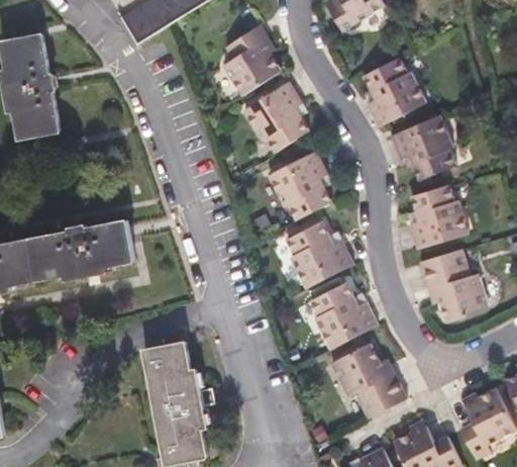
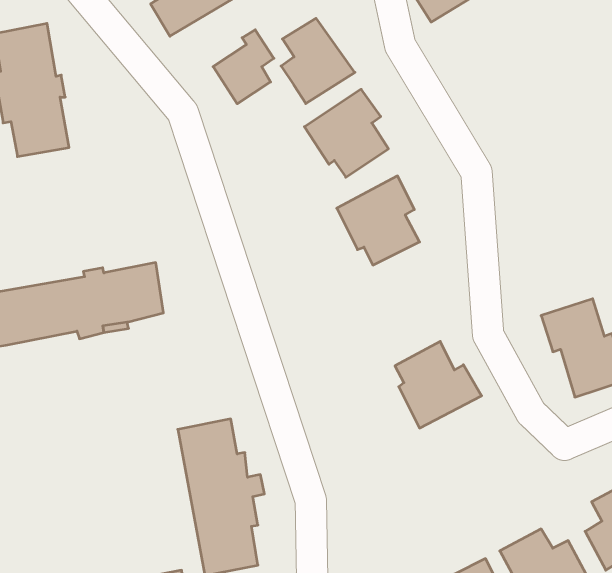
building: none -> [213,30,274,104]
building: [366,56,431,125] -> none
building: [392,113,455,179] -> none
building: [409,184,468,249] -> none
building: [287,223,352,290] -> none
building: [331,341,405,417] -> none

